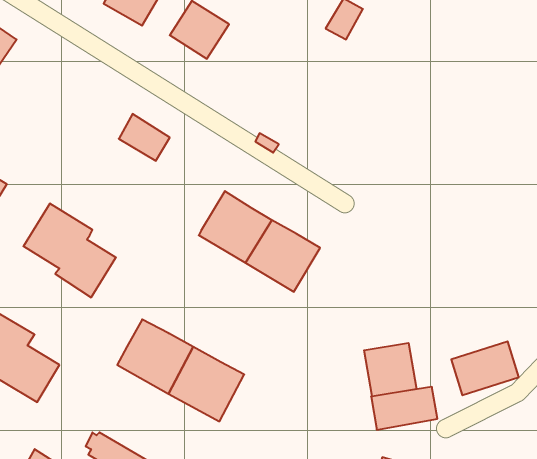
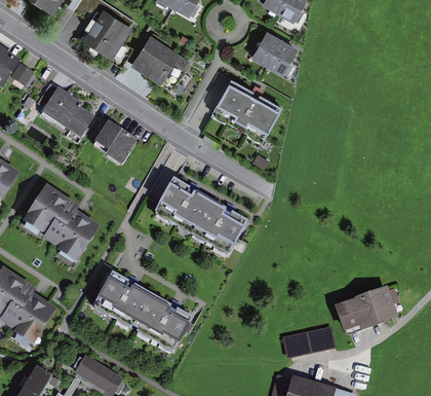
building: none -> [267,42,293,73]
building: none -> [215,84,280,140]
building: none -> [43,87,94,132]
building: [364,343,416,396] -> none

